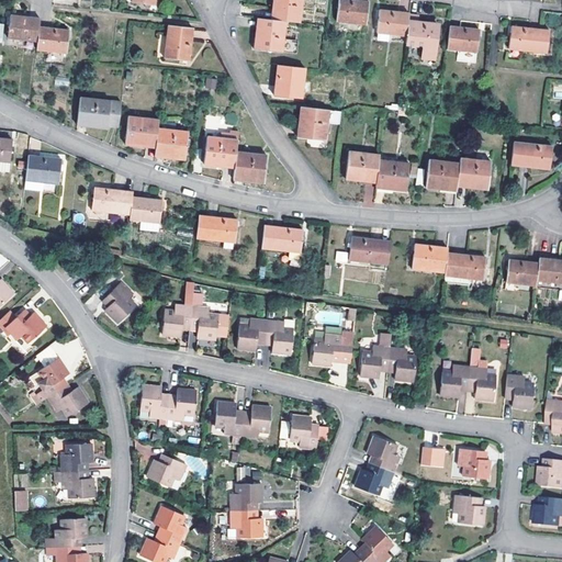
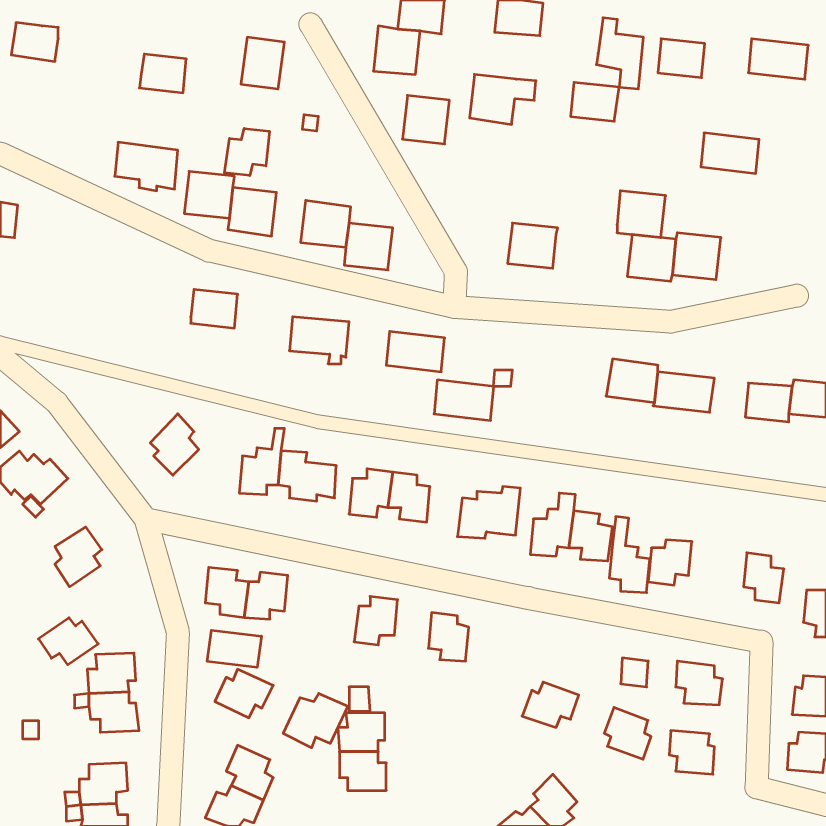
building: [376,10,409,36] -> [571,82,619,121]
building: [36,26,68,53] -> [139,54,186,93]
building: none -> [224,128,269,176]
building: [296,106,341,140] -> [470,74,536,124]
building: [512,142,551,169] -> [701,133,759,173]
building: [25,156,61,184] -> none
building: [375,159,408,191] -> [617,191,666,238]
building: [92,188,133,215] -> none
building: [349,237,390,265] -> [434,380,494,420]
building: [468,349,495,401] -> [609,517,650,593]
building: [47,384,88,416] -> [38,618,98,665]
building: [215,402,244,436] -> none
building: none -> [207,630,261,667]
building: [367,437,398,472] -> [604,707,651,759]
building: none -> [283,693,348,748]

